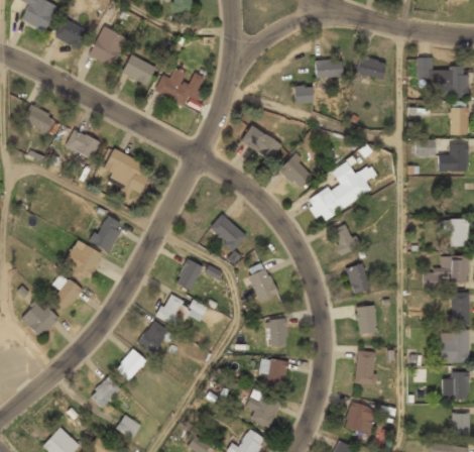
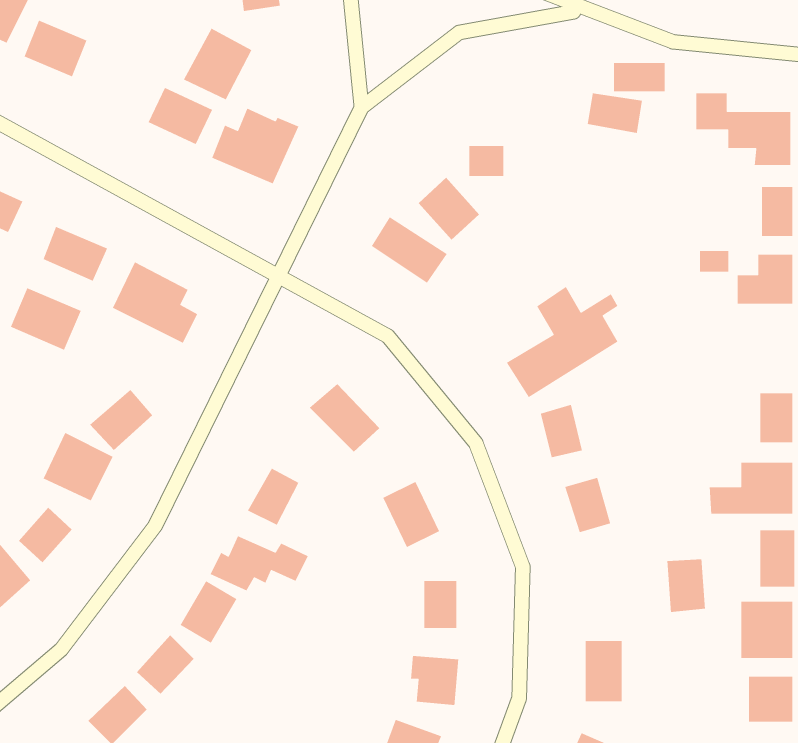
building: [89,26,126,66] -> [183,27,252,101]
building: [315,61,343,77] -> [613,62,666,92]
building: [279,154,313,189] -> [418,177,480,241]
building: none -> [10,287,82,351]
building: [356,306,377,335] -> [666,558,706,613]

